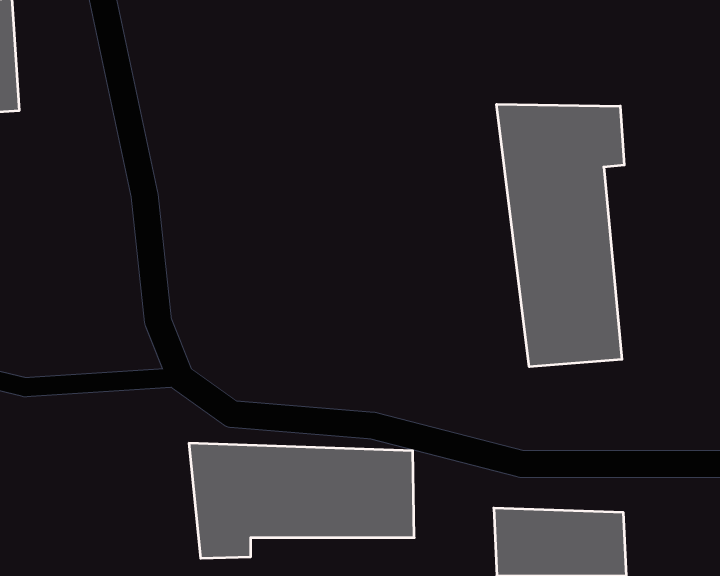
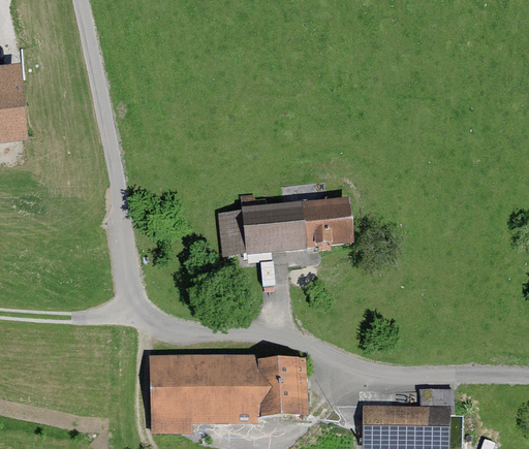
building: [497,104,624,367] -> none
building: none -> [216,197,351,254]

